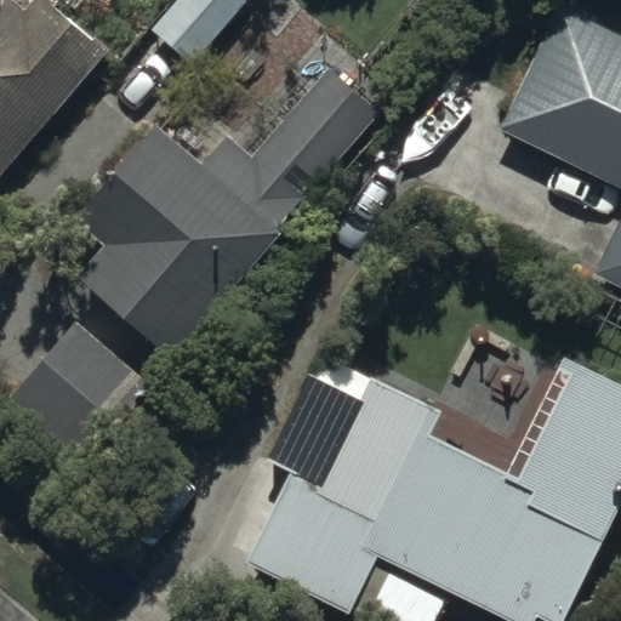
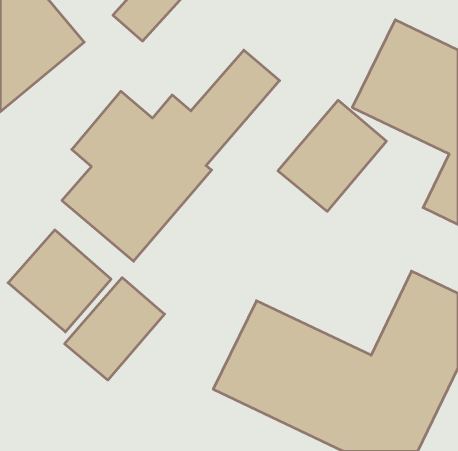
building: none -> [278,100,386,211]
building: none -> [65,278,165,380]

